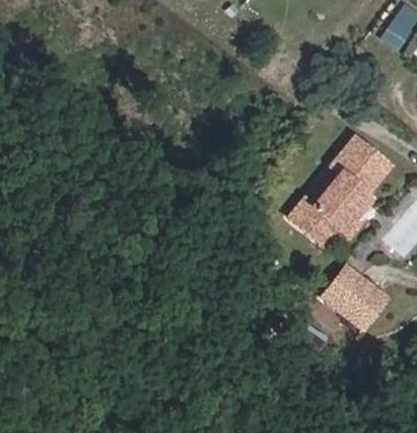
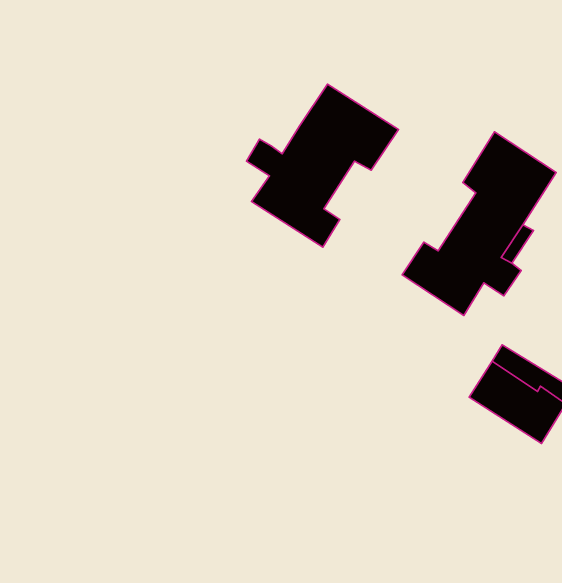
building: none -> [246,84,399,247]

